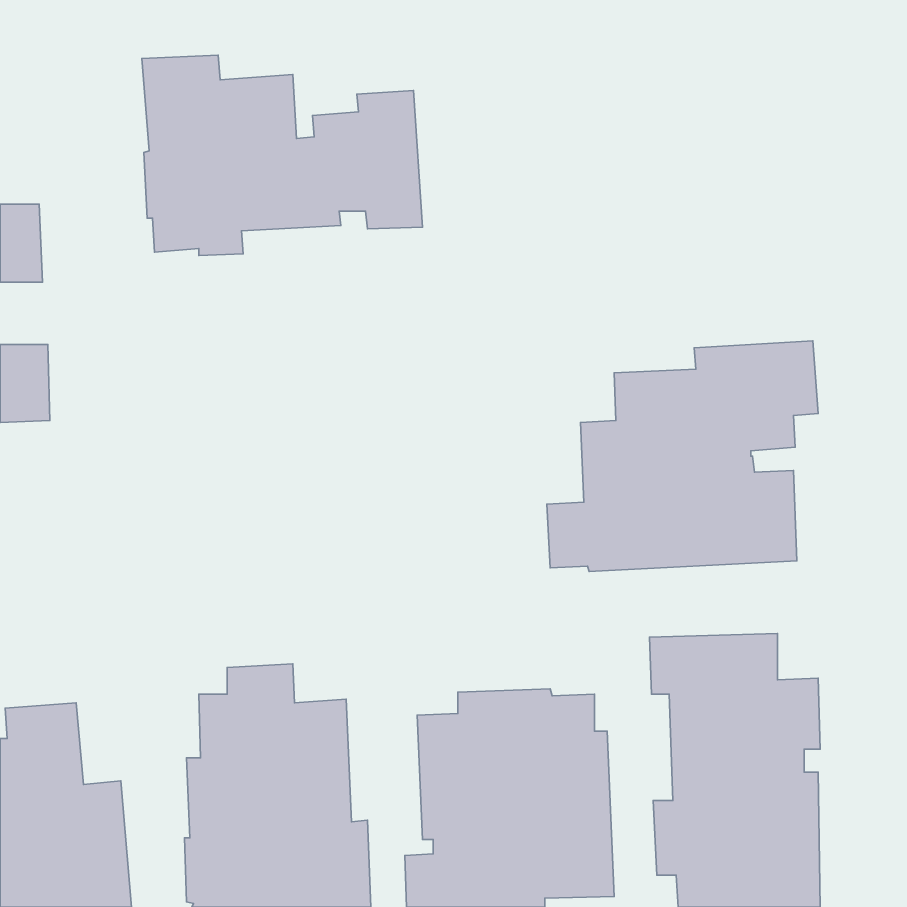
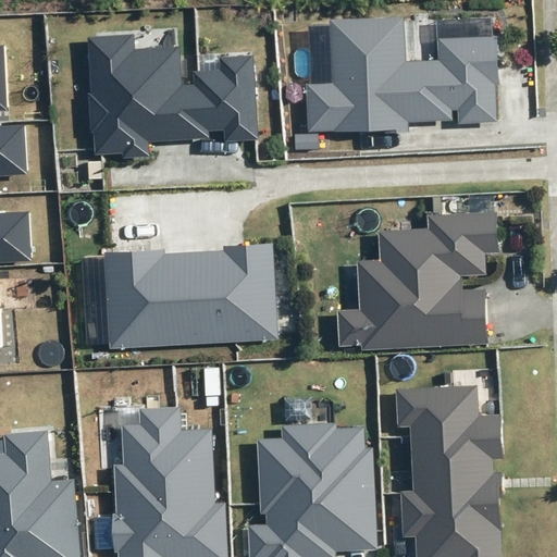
building: none -> [305,15,499,133]
building: none -> [103,245,277,348]

